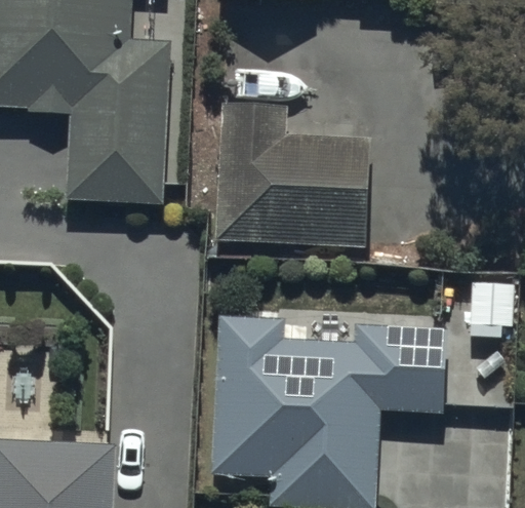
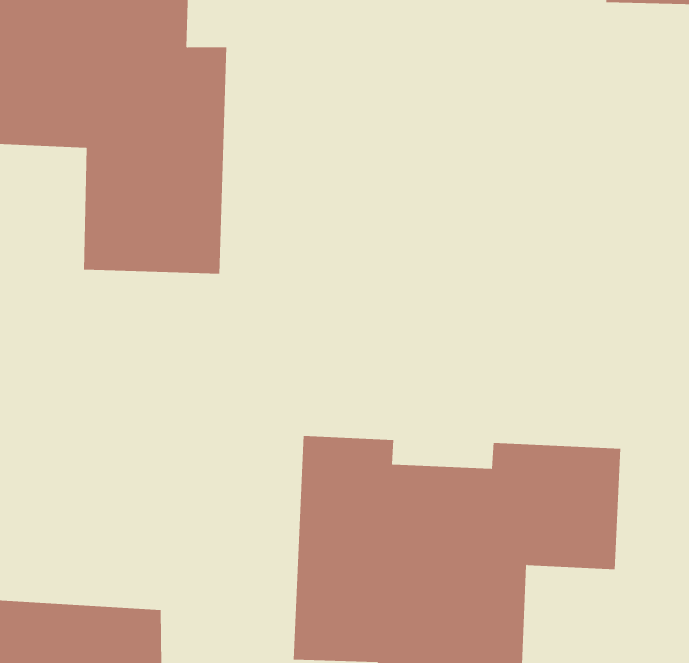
building: [214,105,377,244] -> none

